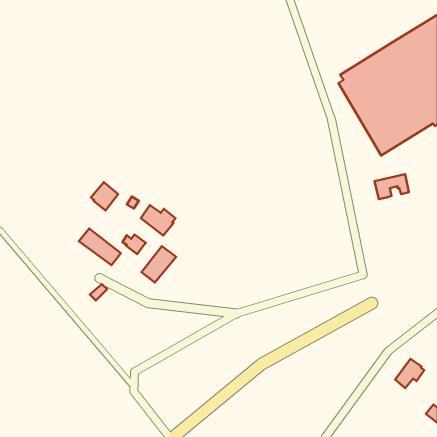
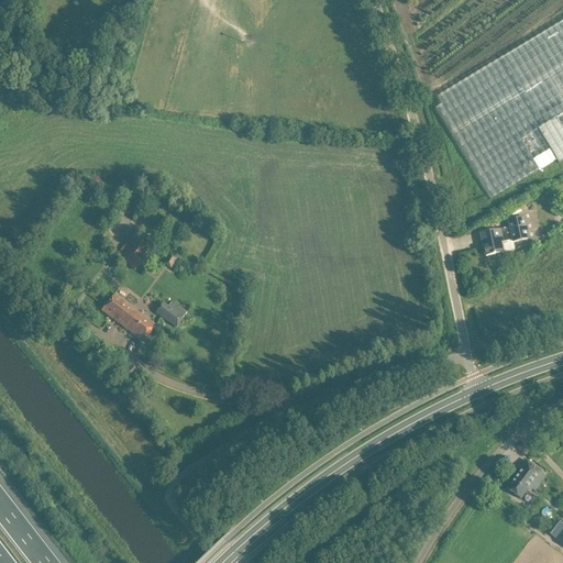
building: [141,205,175,236] -> none
building: [142,246,176,282] -> none

